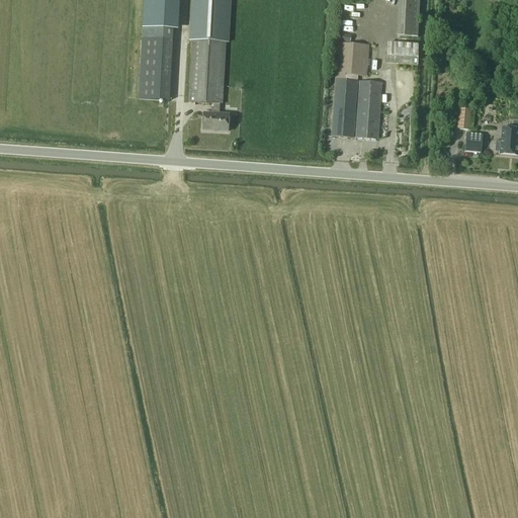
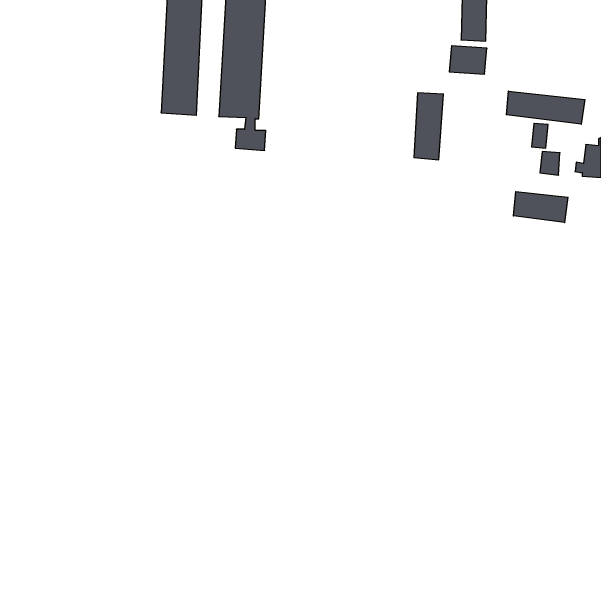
building: [331,40,369,136] -> none
building: none -> [506,91,585,124]
building: none -> [513,192,568,223]

